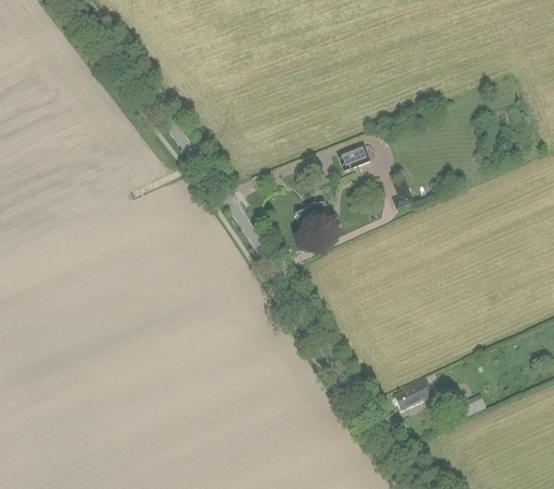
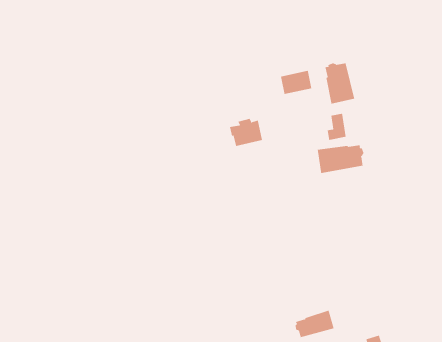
building: none -> [325,62,355,104]
building: none -> [317,145,364,174]

